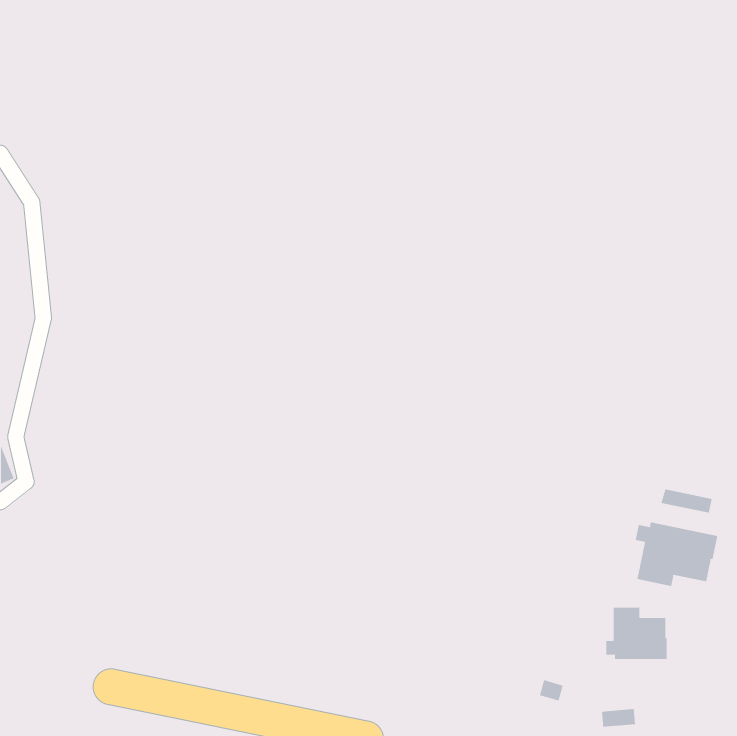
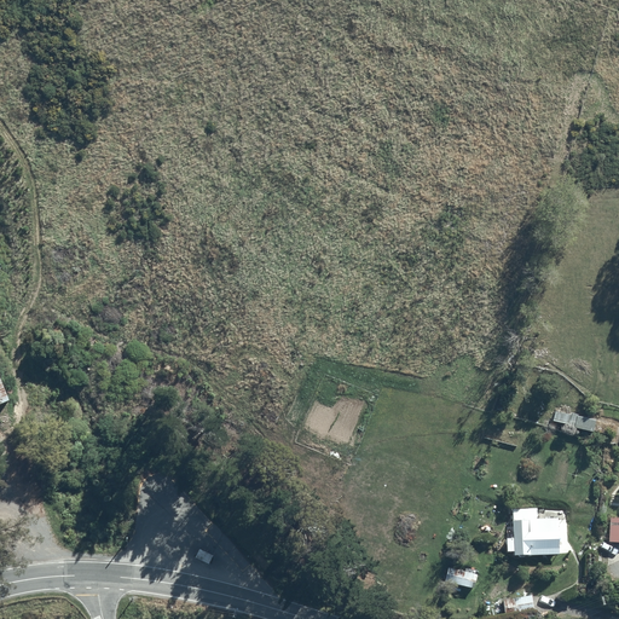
building: [635,522,718,587] -> none

